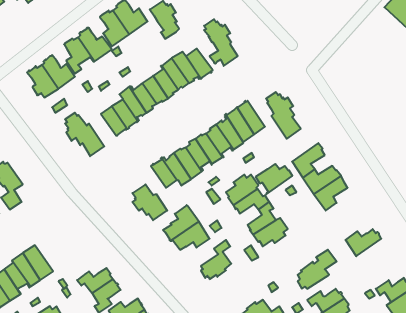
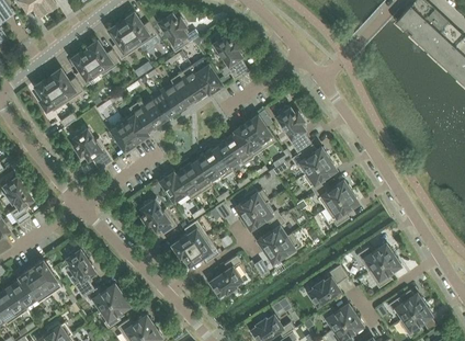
building: [256,164,292,194] -> [292,147,329,178]
building: none -> [67,251,95,299]
building: none -> [367,255,399,289]

